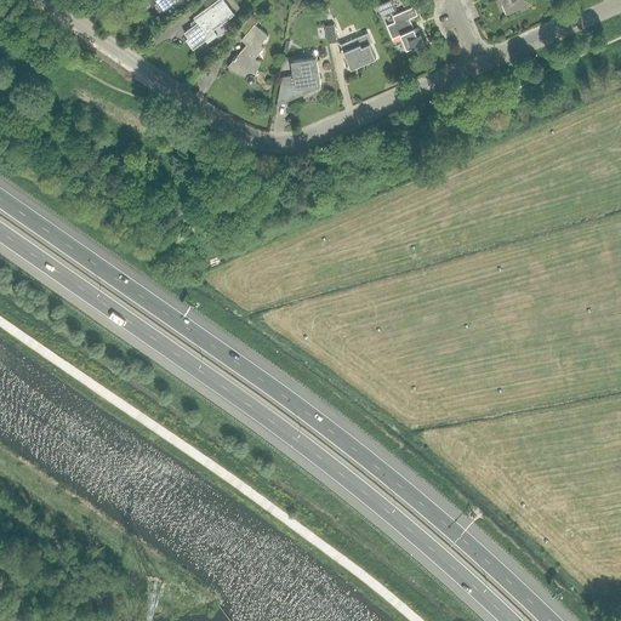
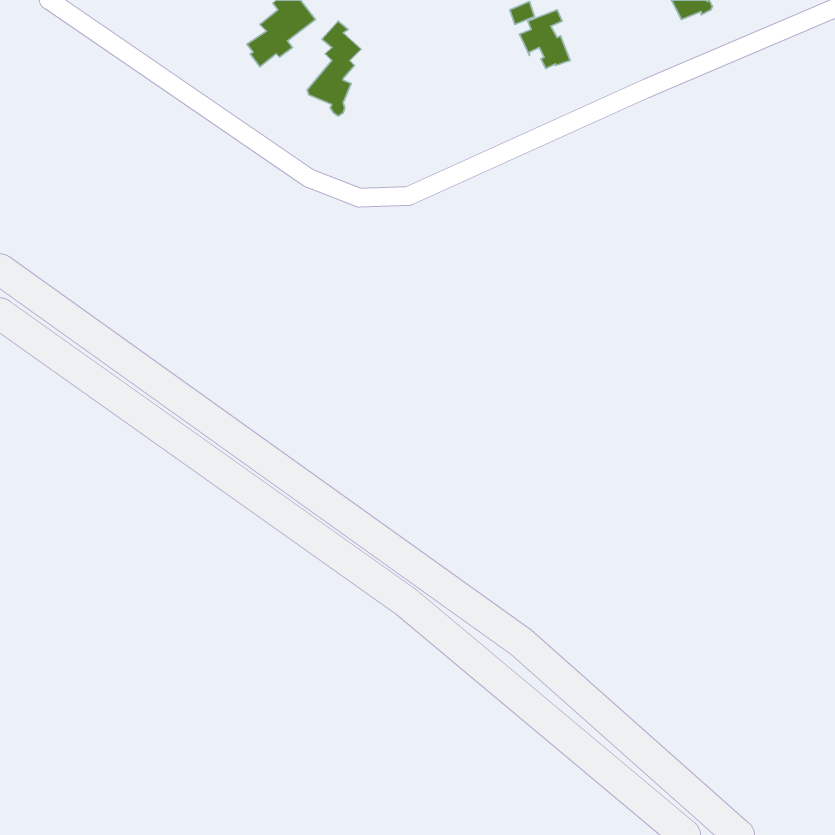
building: [325,25,376,69] -> none
building: [278,57,320,102] -> none

